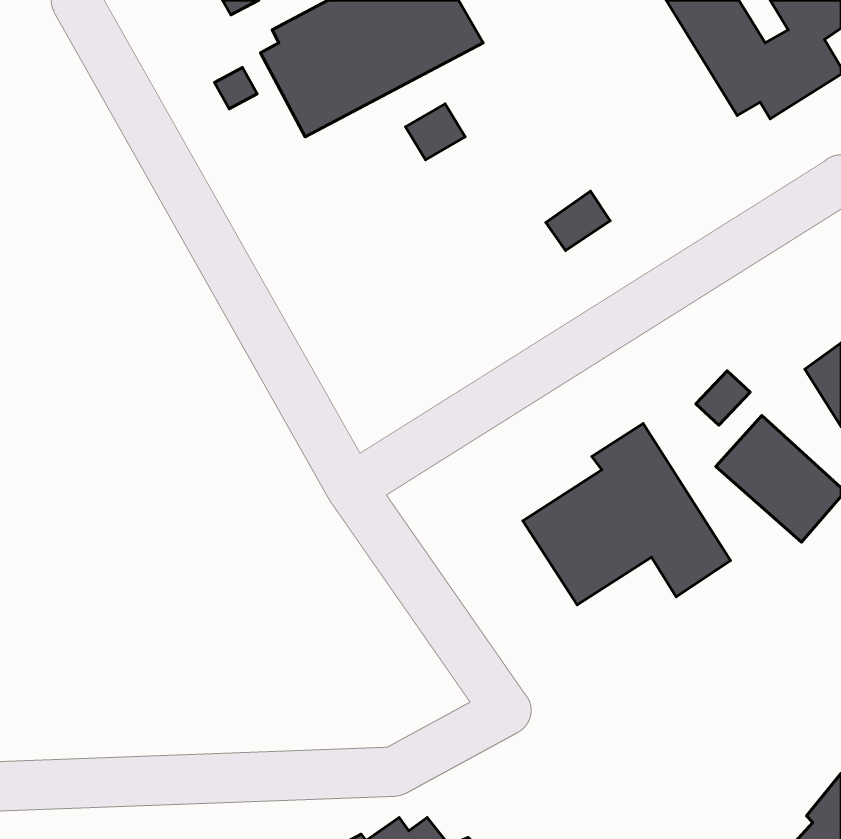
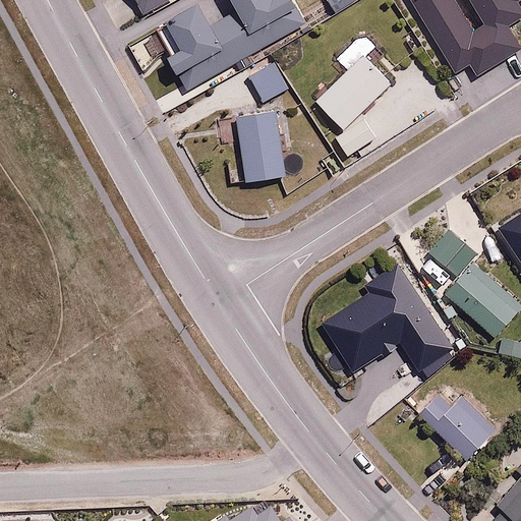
building: none -> [316,55,392,129]
building: none -> [230,114,286,180]
building: none -> [420,385,495,459]

